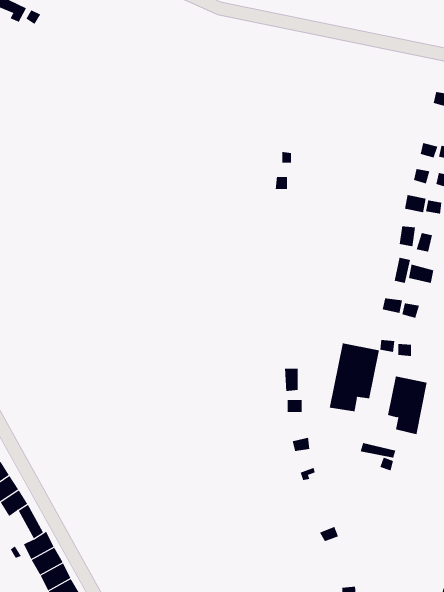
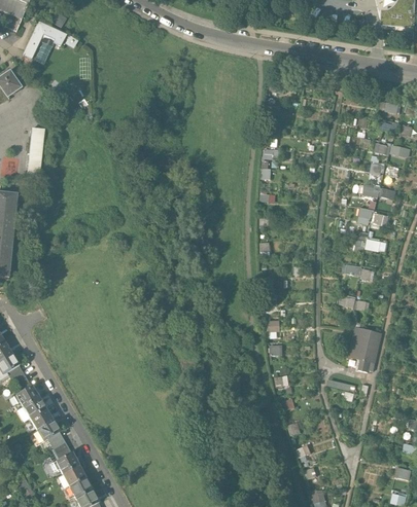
building: [329,342,379,412] -> none

